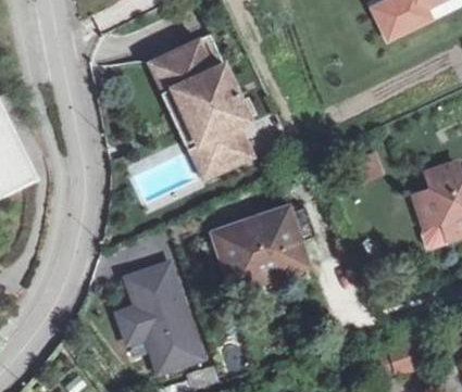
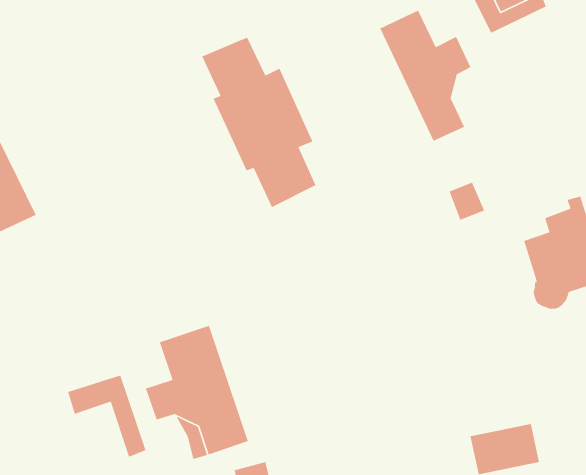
building: none -> [379,9,471,142]
building: [215,210,307,282] -> none
building: none -> [67,375,146,458]

